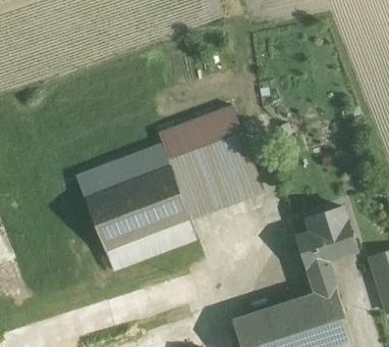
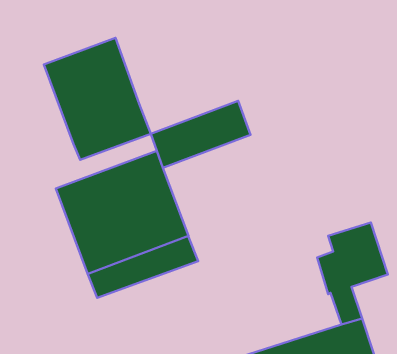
building: none -> [44,38,151,160]
building: [167,134,263,219] -> none

